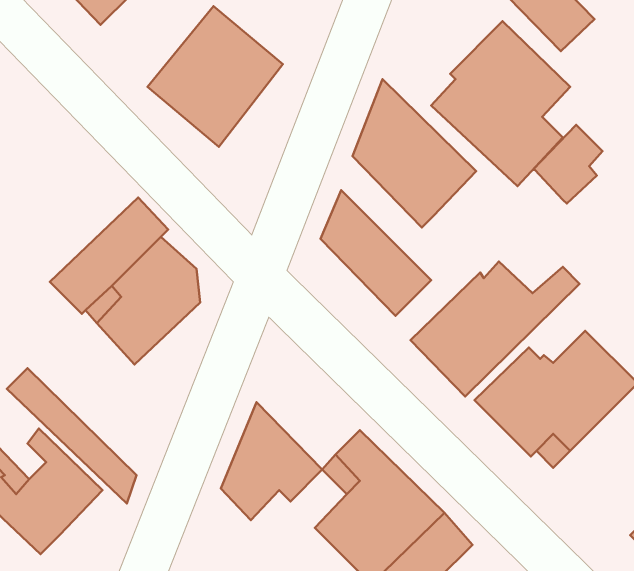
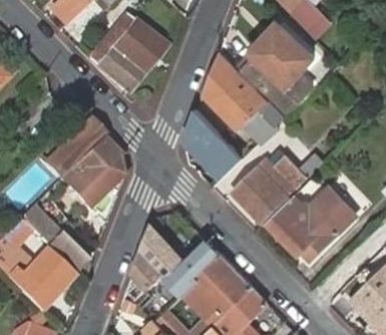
building: [533,125,602,204] -> [246,103,283,145]

